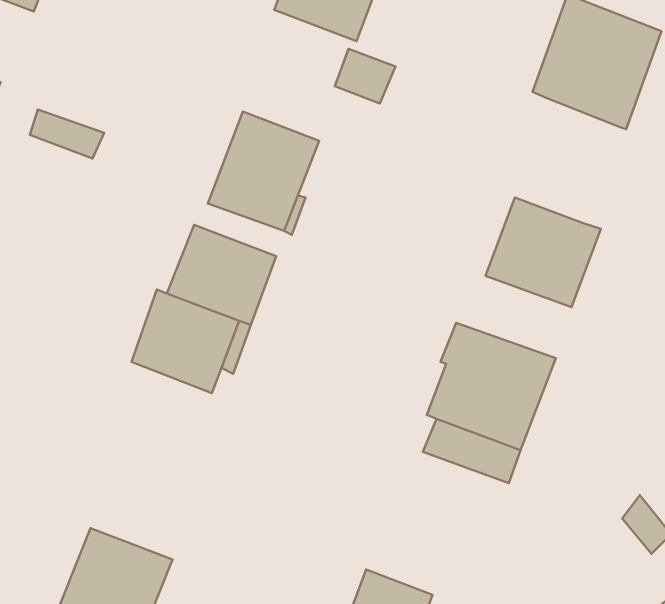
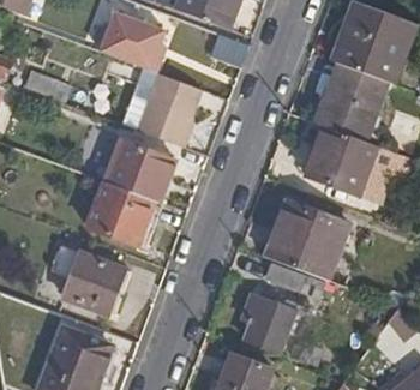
building: none -> [100,12,164,72]
building: none -> [318,64,388,140]
building: none -> [65,252,126,312]
building: none -> [241,293,294,350]

